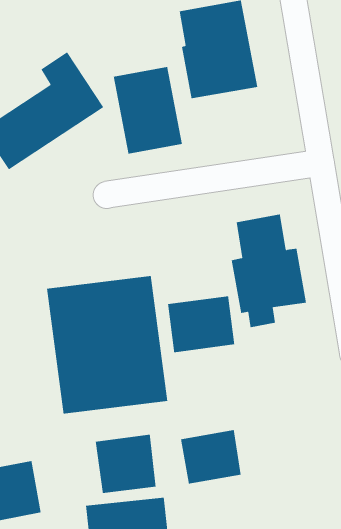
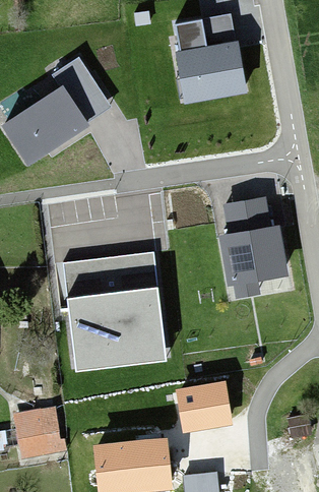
building: [113,66,182,155] -> none
building: [167,296,235,353] -> none
building: [95,434,156,494] -> none

